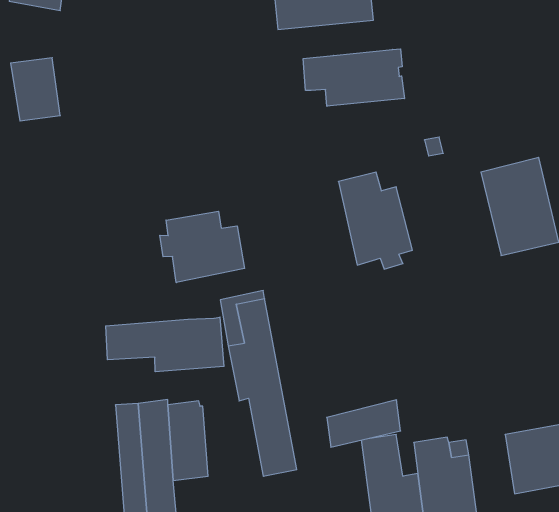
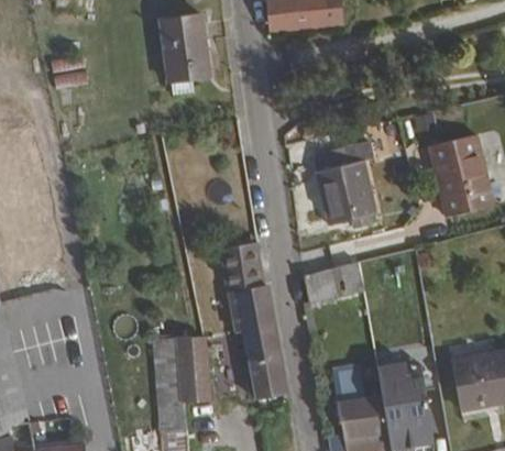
building: none -> [158,19,207,101]
building: [303,49,404,106] -> none
building: [160,211,245,283] -> none
building: [106,317,224,372] -> none
building: [327,400,401,447] -> [306,262,366,300]

